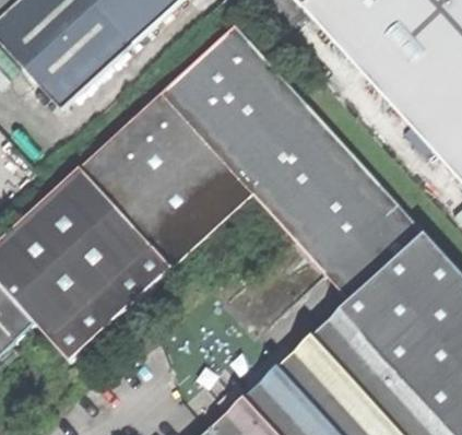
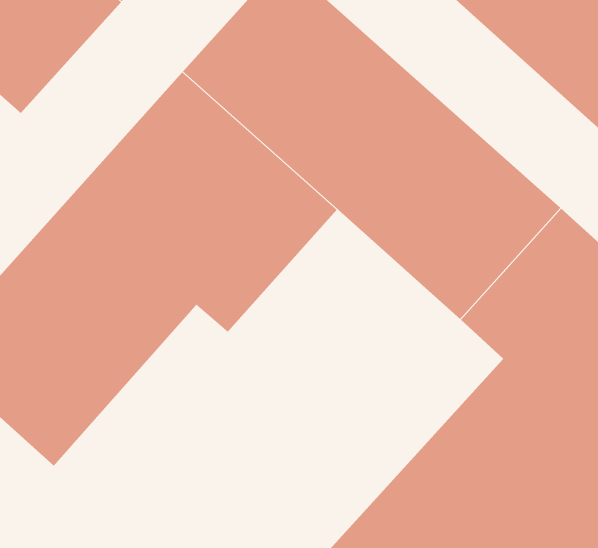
building: [56,244,178,360] -> none

